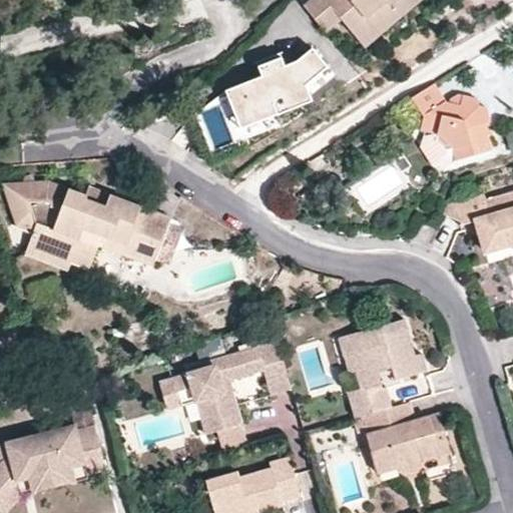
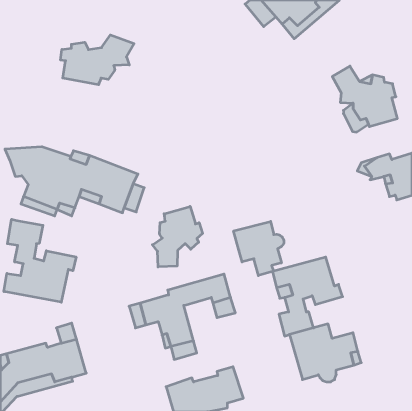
building: none -> [61,35,134,85]
building: [224,45,322,123] -> none
building: none -> [152,206,203,267]
building: none -> [4,219,76,302]
building: none -> [234,221,284,276]

